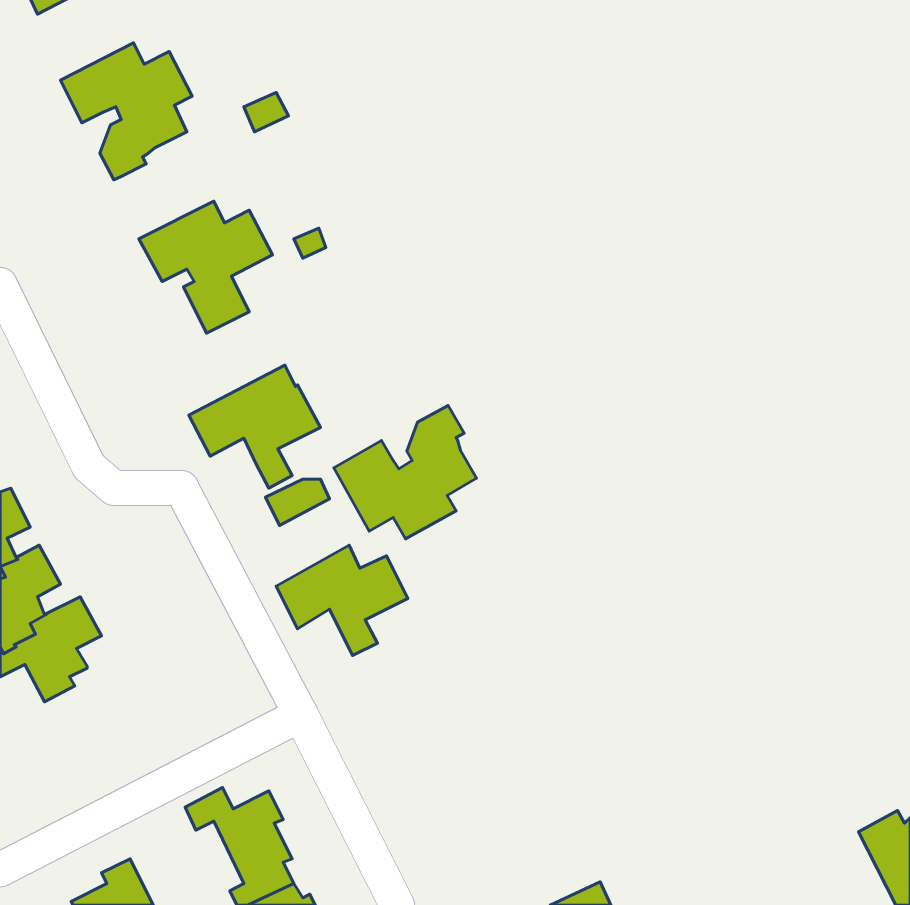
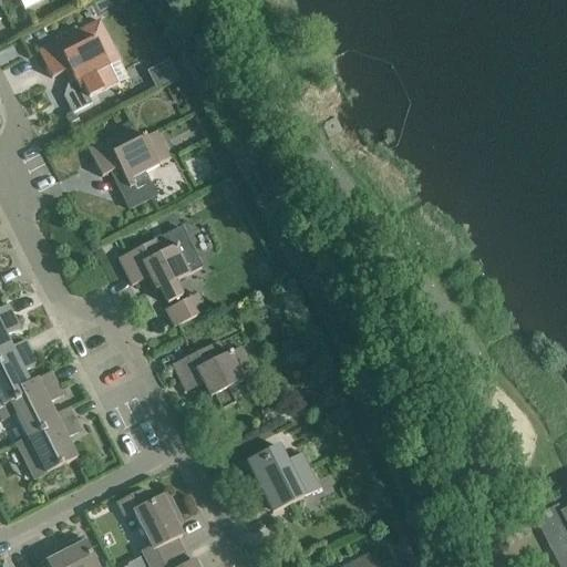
building: [334,406,476,539] -> none
building: none -> [18,408,81,477]
building: none -> [245,443,318,512]

